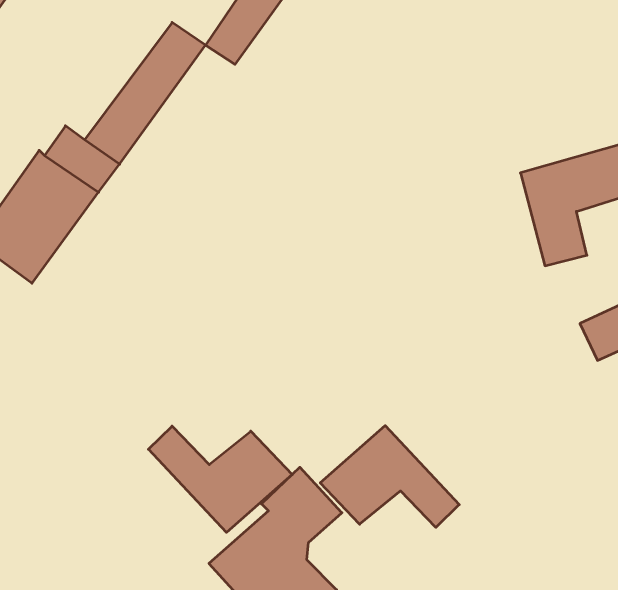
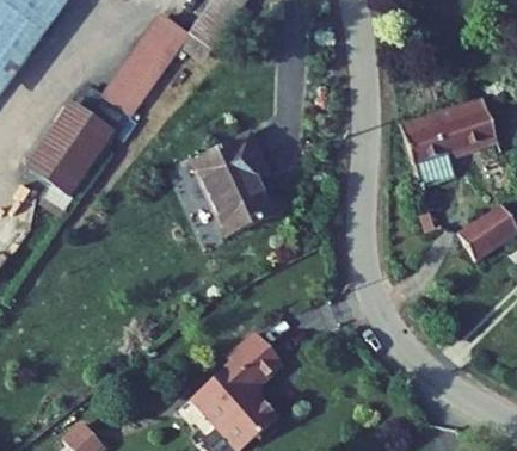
building: none -> [191,138,275,242]
building: [320,426,459,527] -> none
building: [148,426,292,532] -> none

